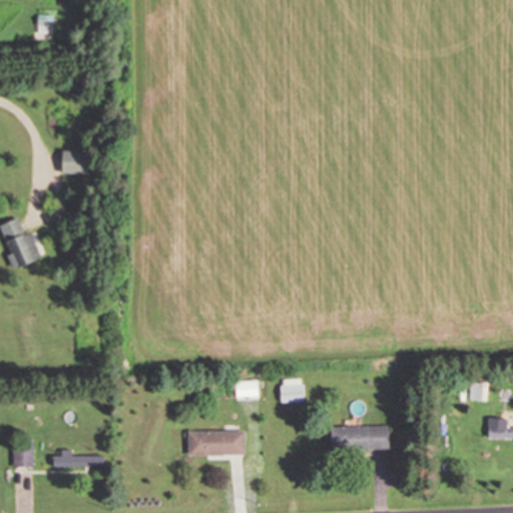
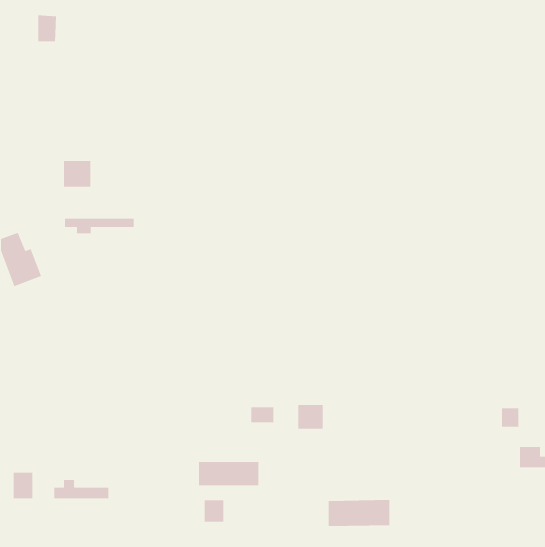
building: none -> [64,218,134,234]
building: [331,426,389,451] -> [328,500,390,526]
building: none -> [204,500,224,523]

